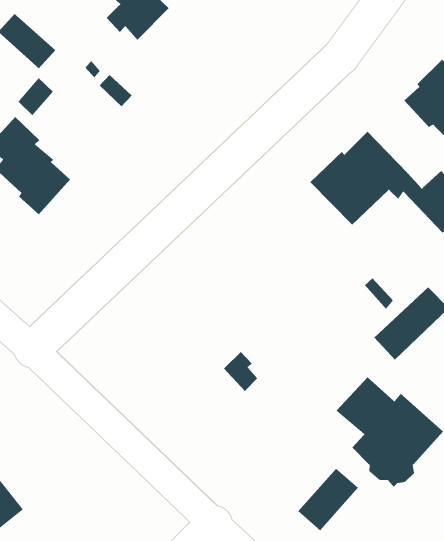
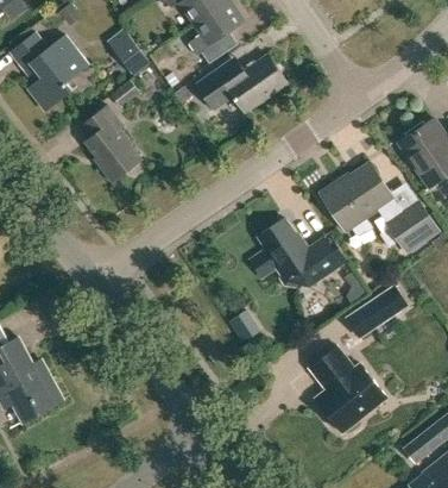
building: none -> [195,54,288,113]
building: none -> [250,219,347,288]
building: [297,468,359,531] -> none

